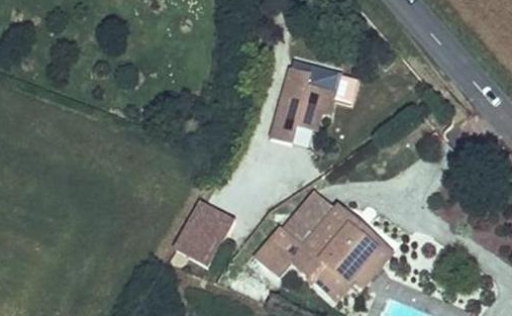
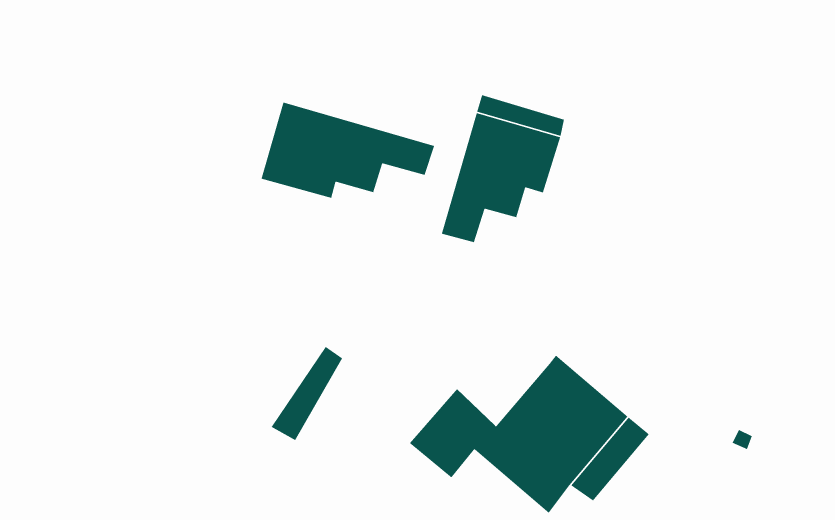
building: none -> [260,101,435,199]
building: [281,190,333,246] -> none
building: [189,208,235,268] -> none

